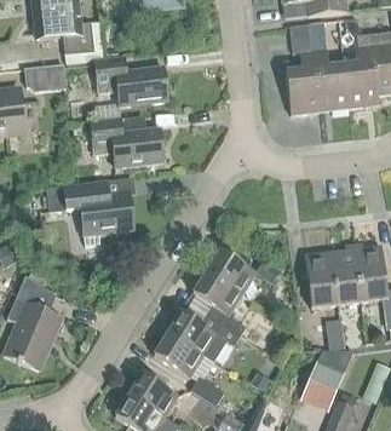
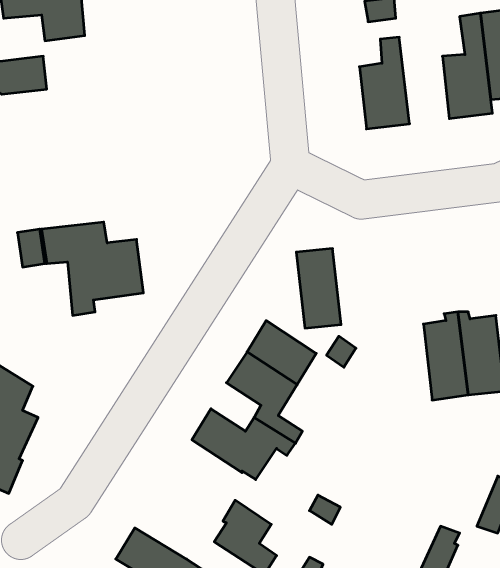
building: [314,48,349,110] -> none
building: [94,56,167,105] -> none
building: [91,117,163,166] -> none
building: [305,251,337,306] -> [296,249,341,328]
building: [154,332,203,375] -> none
building: [300,349,353,409] -> none
building: [128,372,178,415] -> none

